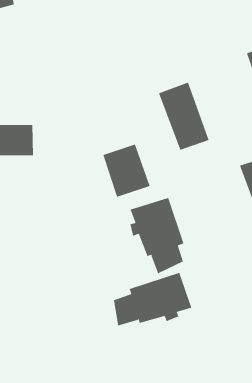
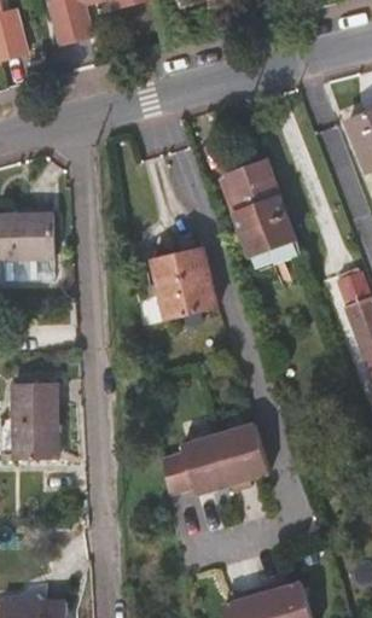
building: [130,197,184,274] -> none
building: none -> [13,389,58,464]

